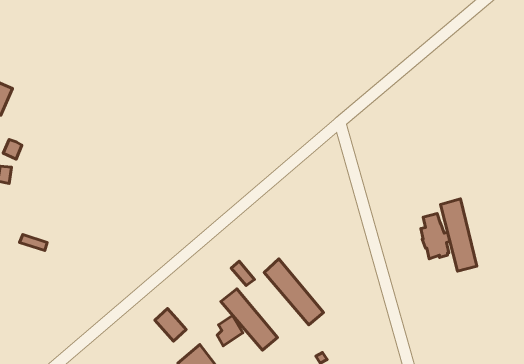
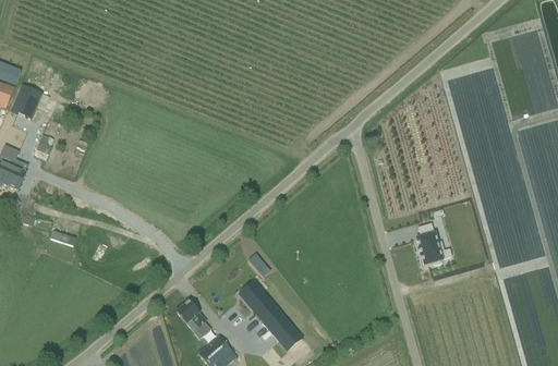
building: [440,199,477,271] -> none
building: [264,259,324,325] -> none

